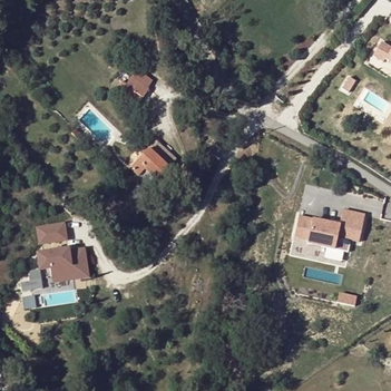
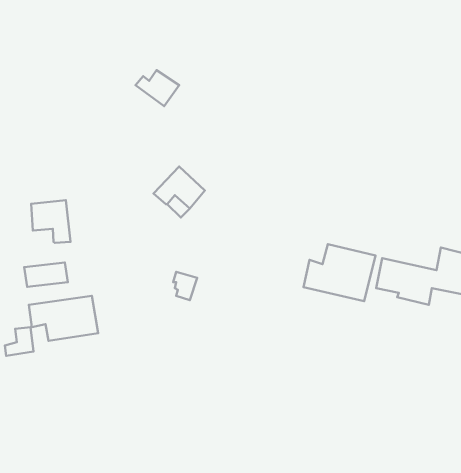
building: none -> [31,200,71,243]
building: none -> [304,244,375,301]

